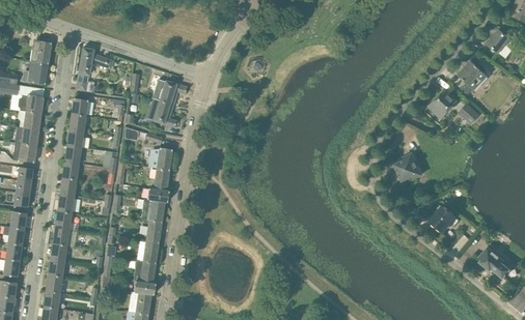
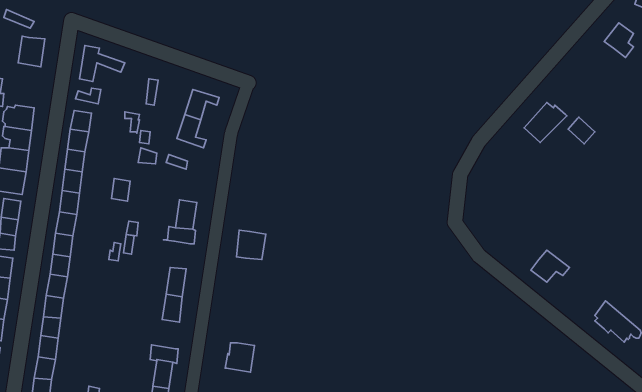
building: [22,61,48,85] -> none
building: [458,61,488,95] -> none
building: [147,148,171,170] -> none
building: [394,153,421,181] -> none
building: [141,199,164,222] -> [237,230,266,260]
building: [133,261,156,284] -> [225,343,254,372]

